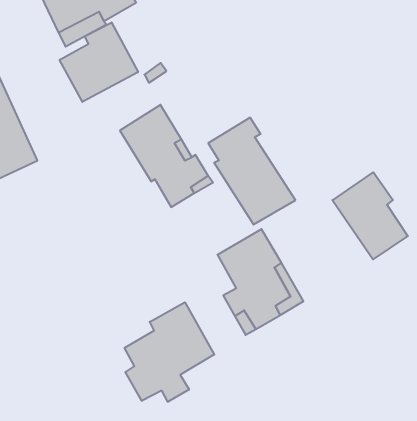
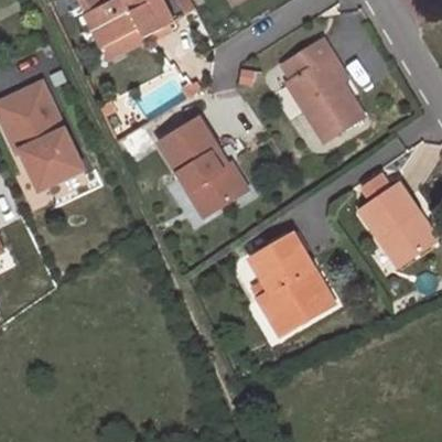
building: [60,22,138,102] -> none
building: [208,118,295,225] -> [282,36,365,138]
building: [125,302,214,402] -> none

